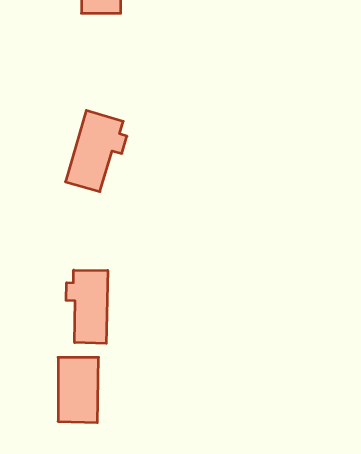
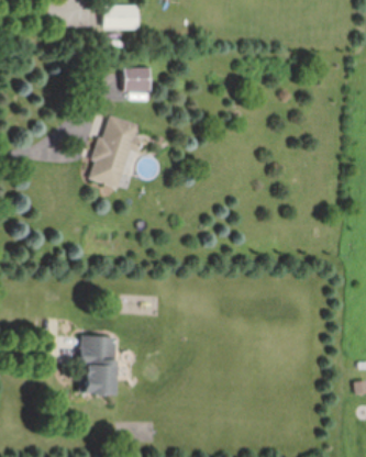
building: none -> [122,67,151,92]
building: [66,270,108,343] -> none

